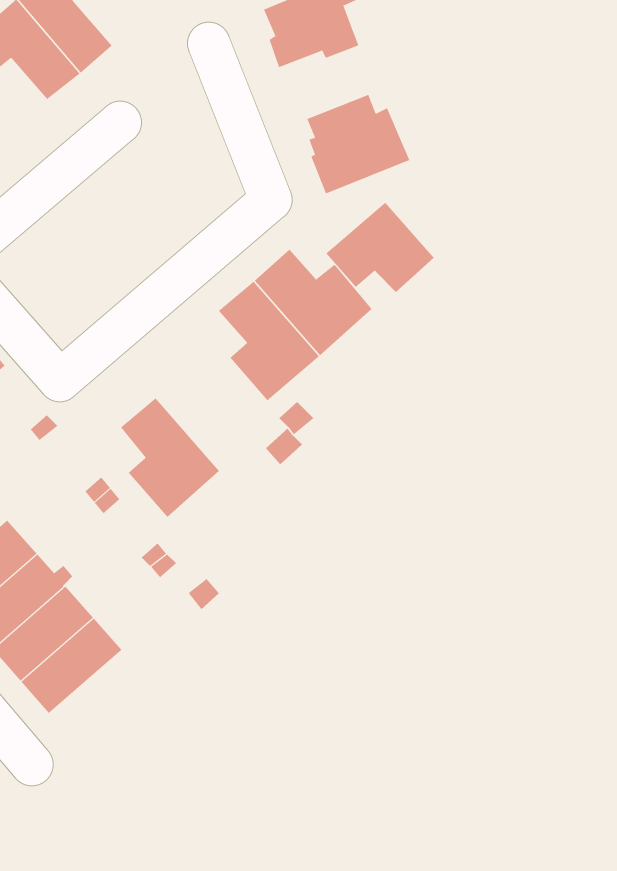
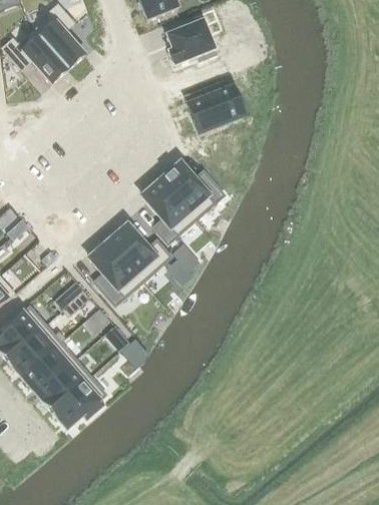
building: [326,202,435,293] -> none
building: none -> [107,223,169,280]
building: none -> [50,375,104,427]

